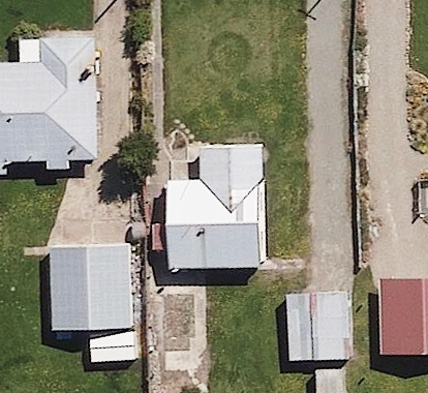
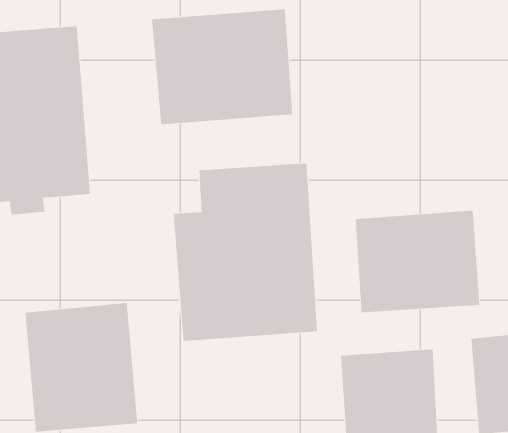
building: none -> [152,8,293,125]
building: none -> [355,210,480,313]

